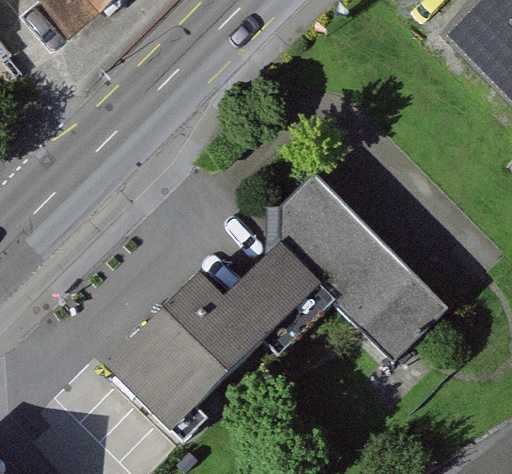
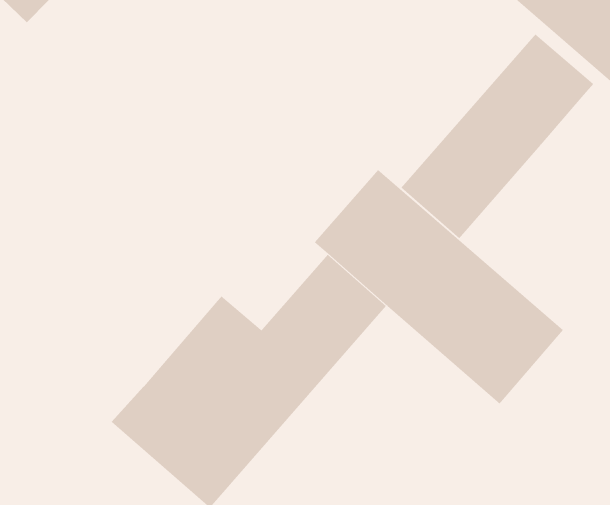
building: none -> [400,33,594,239]

